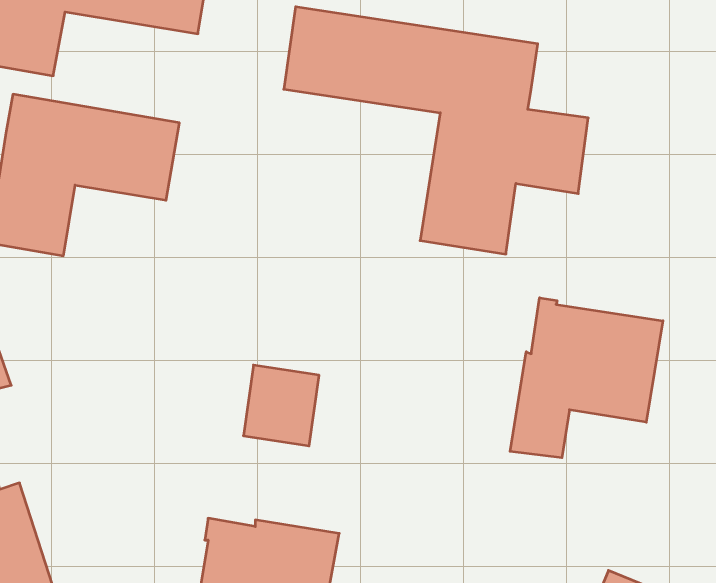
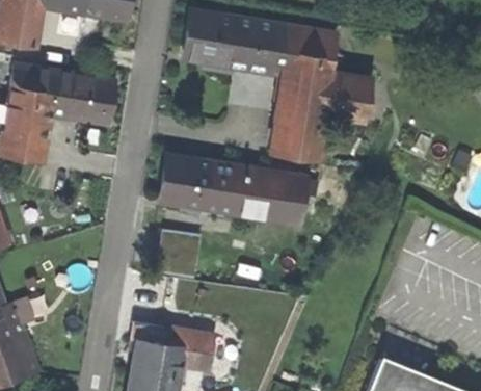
building: none -> [156,154,309,229]
building: [510,298,663,458] -> none

